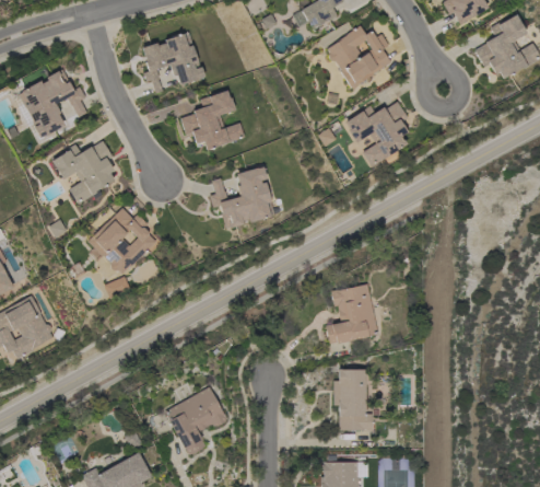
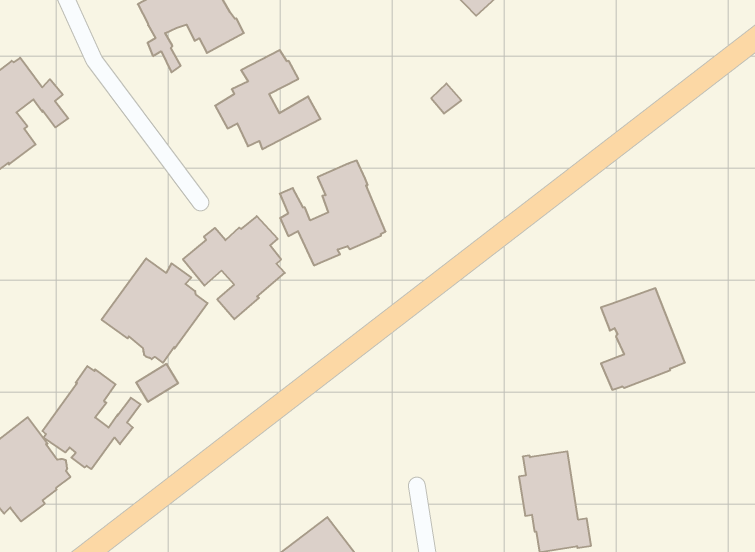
building: [344,102,408,167] -> none
building: [52,141,115,204] -> [183,216,285,319]
building: none -> [42,366,141,469]
building: [326,285,378,344] -> [601,288,685,390]

